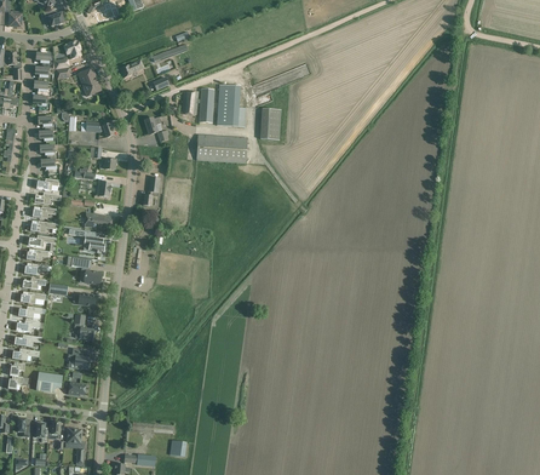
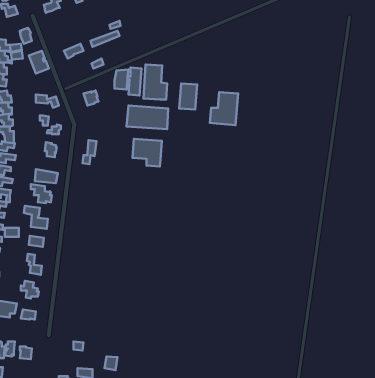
building: none -> [210,92,238,125]
building: none -> [133,139,162,166]

